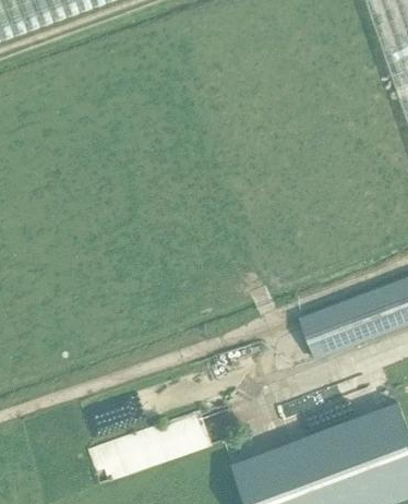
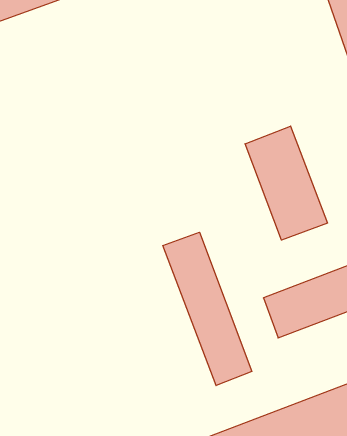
building: none -> [245,126,327,240]
building: none -> [163,232,252,386]

